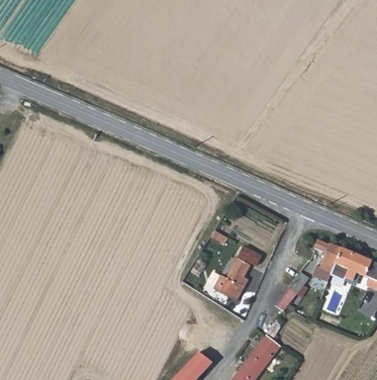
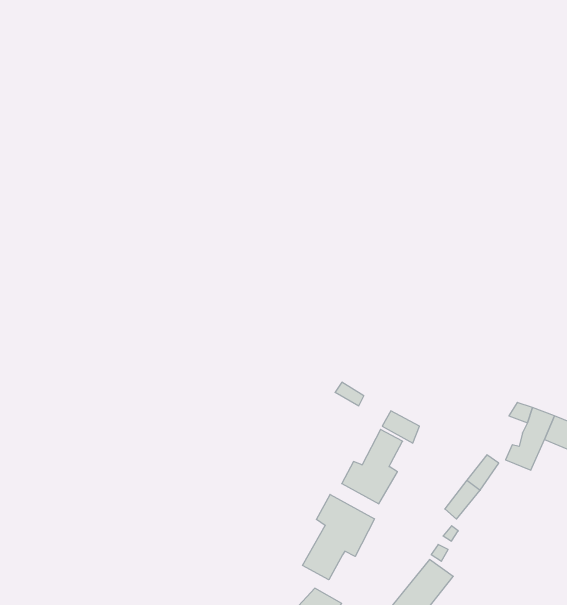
building: none -> [303,494,374,580]

